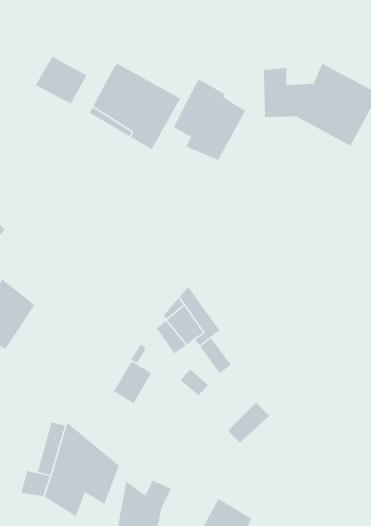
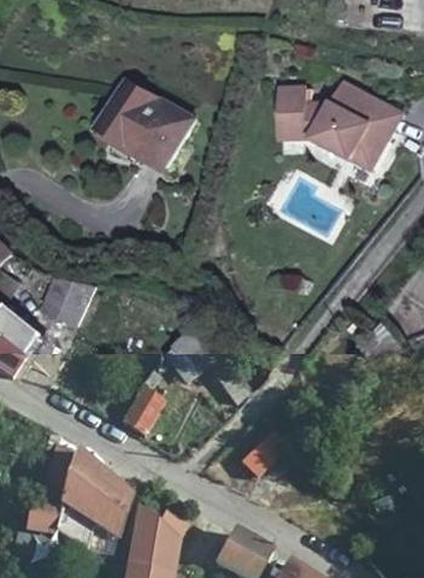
building: [35,56,88,105] -> none
building: [173,79,246,161] -> none
building: none -> [40,278,96,324]

